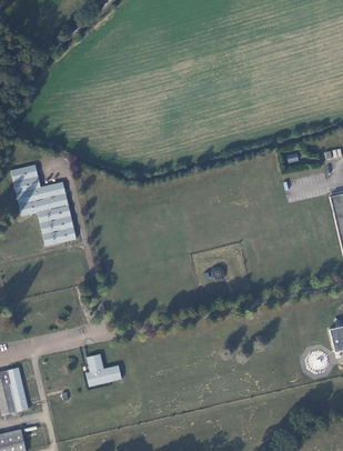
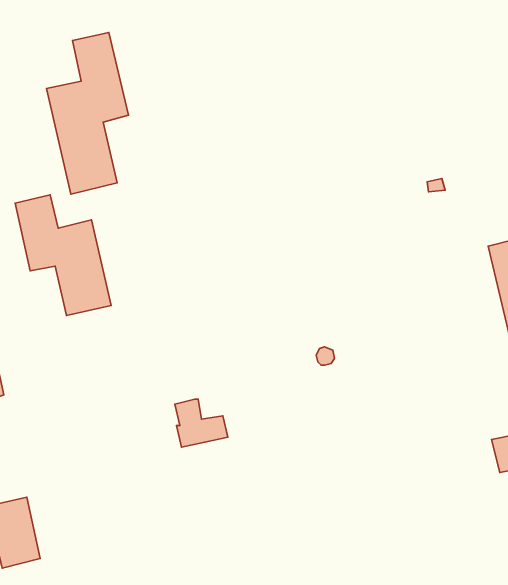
building: none -> [47,32,129,194]
building: [85,354,121,387] -> [175,399,228,447]

